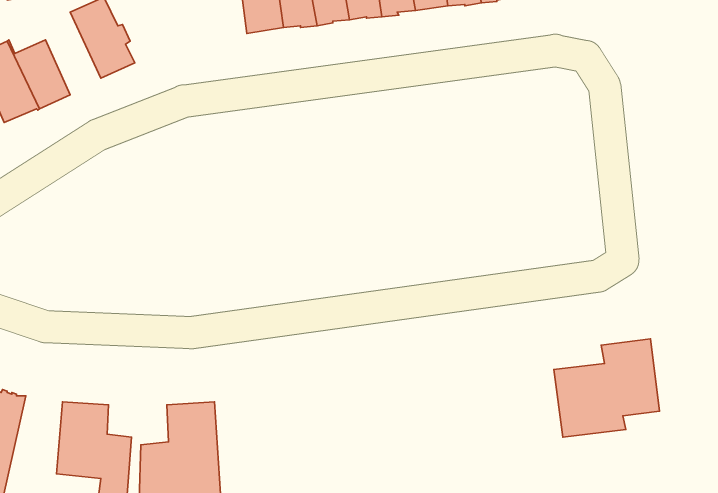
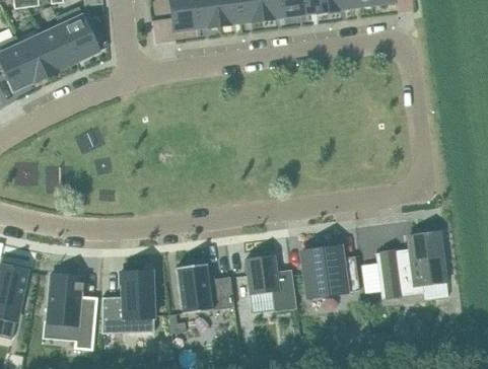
building: none -> [40,17,76,72]
building: none -> [301,246,359,298]
building: none -> [245,255,296,312]
building: none -> [176,264,233,314]

